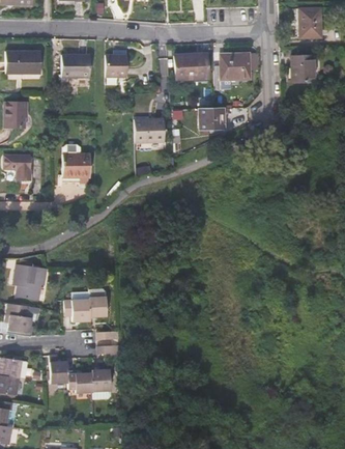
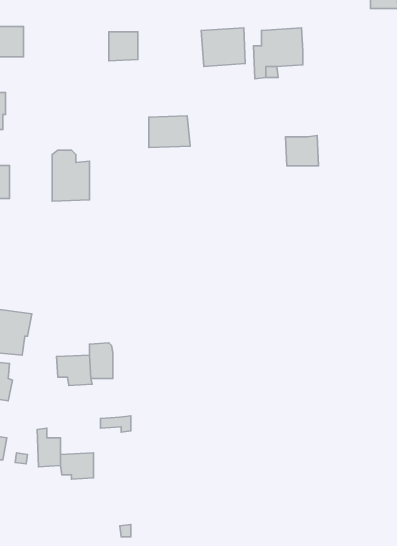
building: [61,55,90,77] -> none
building: [291,55,313,82] -> none
building: [199,107,224,130] -> [286,136,319,166]
building: [92,369,111,398] -> none

